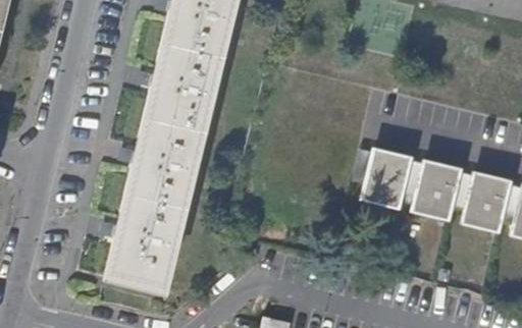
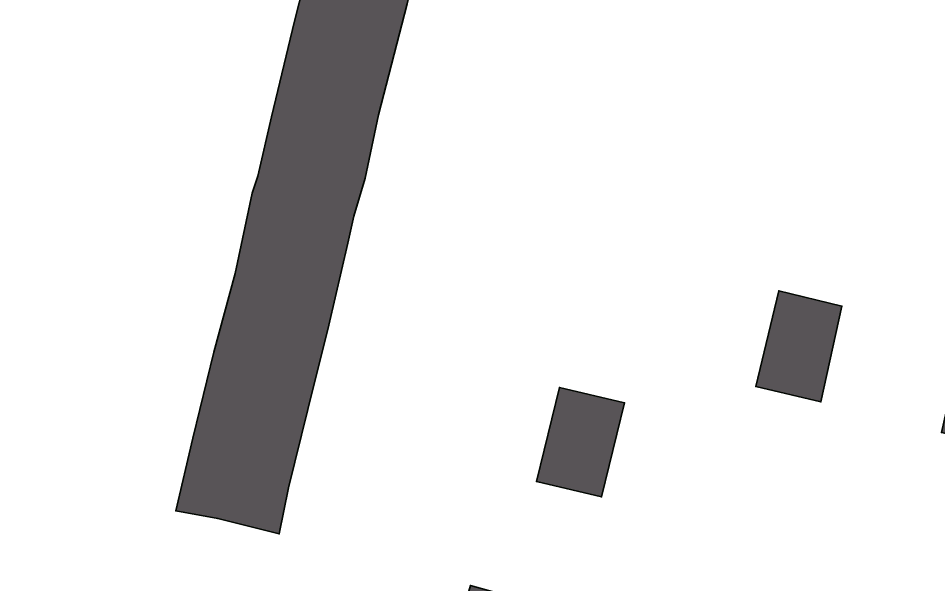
building: [365,149,412,207] -> [537,388,625,497]
building: [464,173,511,232] -> none

